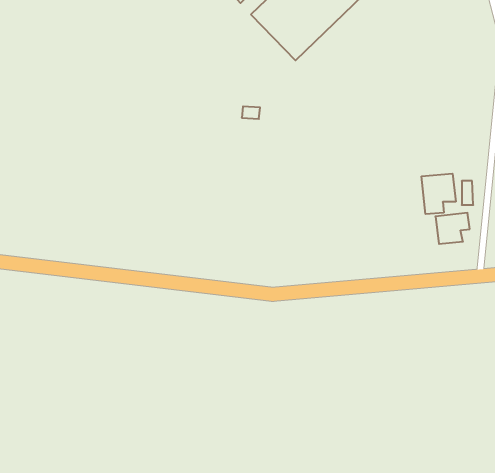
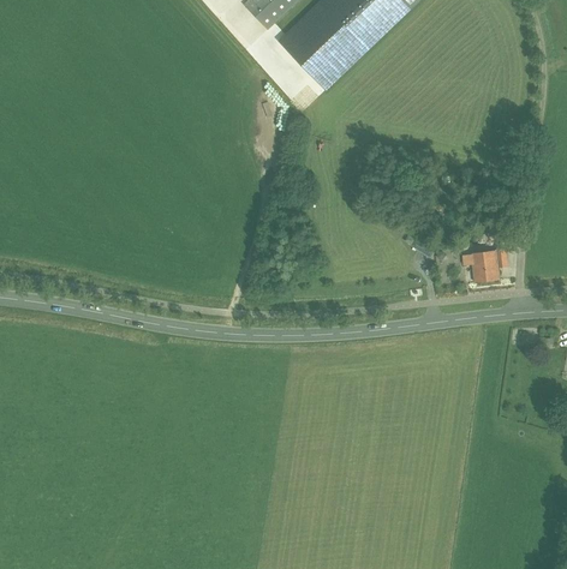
building: [422,174,456,214] -> none

